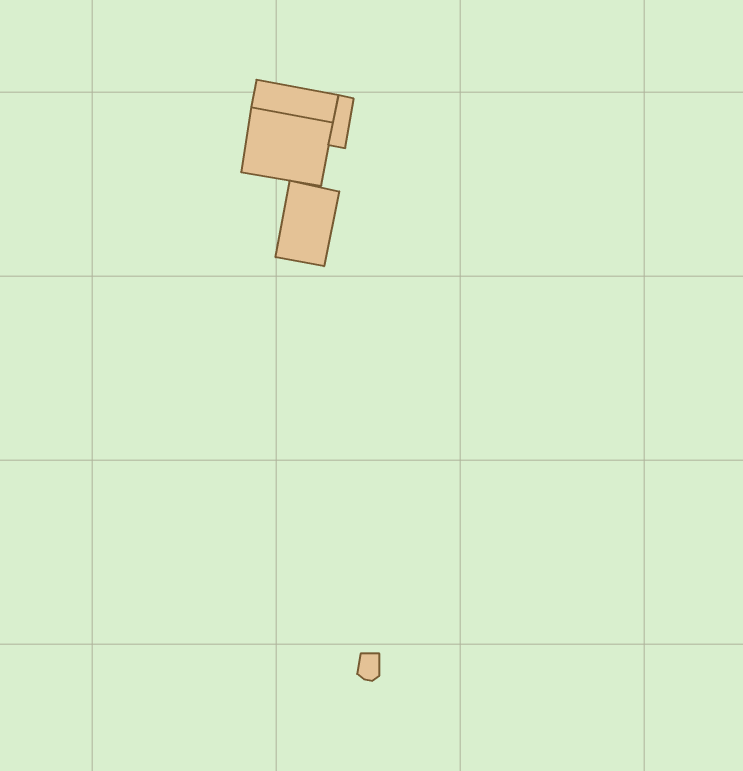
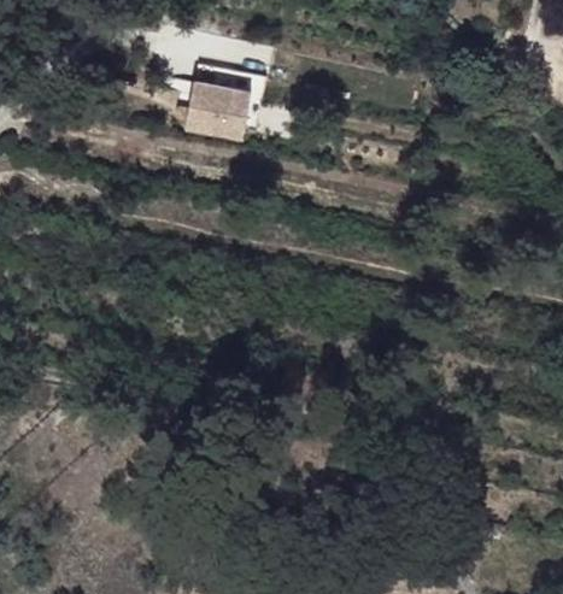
building: [276,180,339,266] -> none

